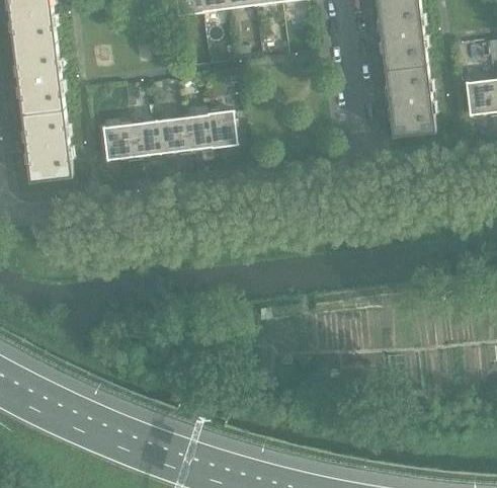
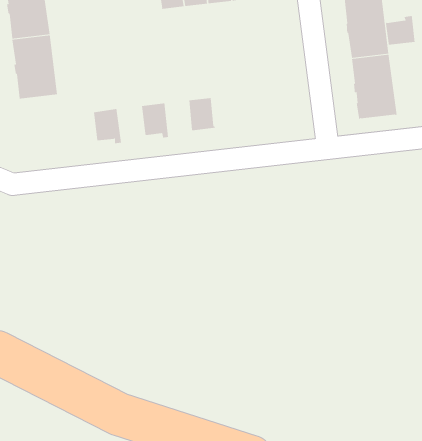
building: none -> [385,15,415,45]
building: [21,108,72,181] -> none
building: [181,114,210,155] -> none
building: [129,120,159,161] -> none

